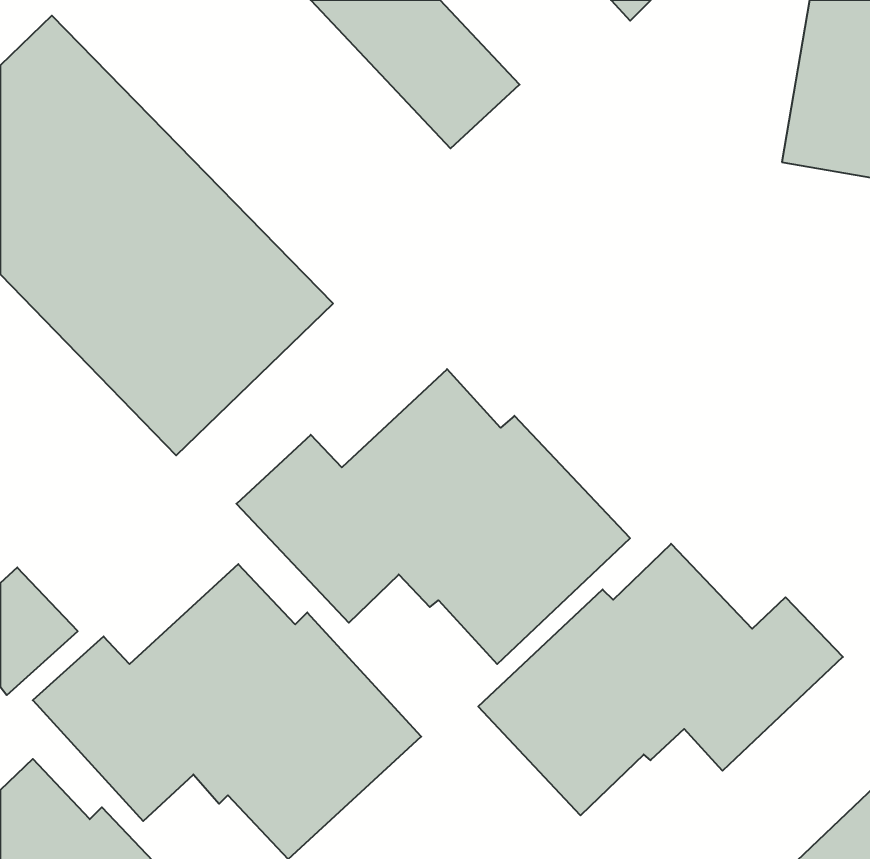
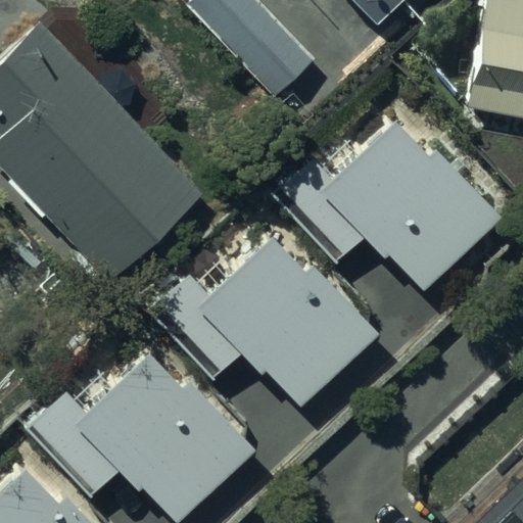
building: none -> [273,118,505,292]
building: [478,544,843,815] -> none

